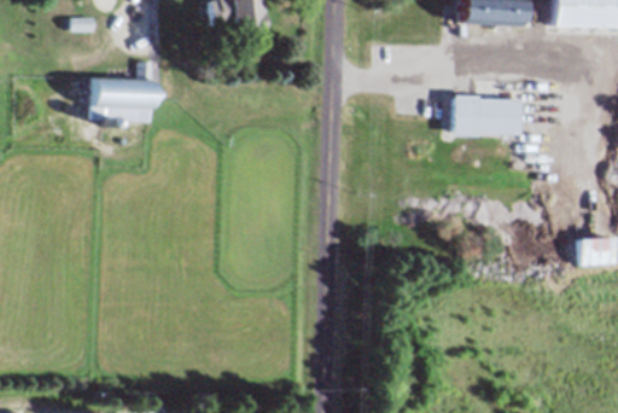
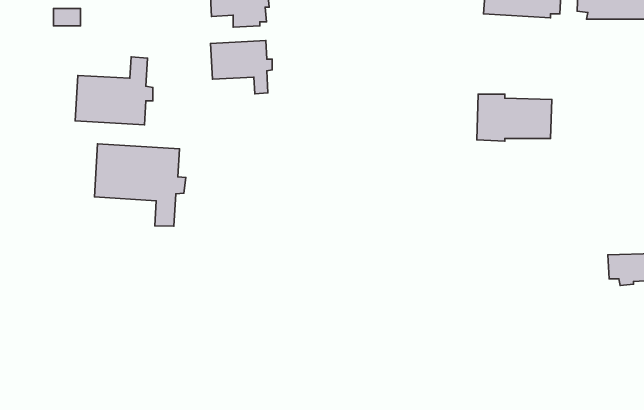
building: none -> [211,40,272,94]
building: none -> [95,144,186,226]

